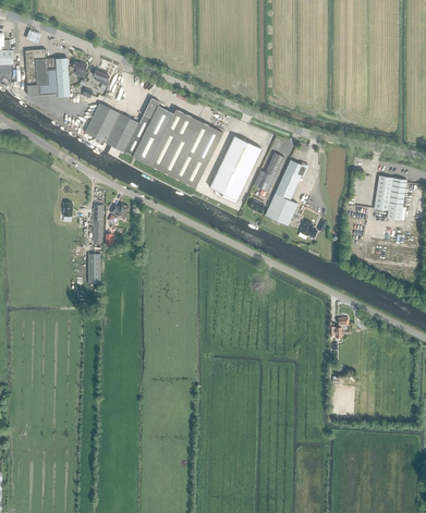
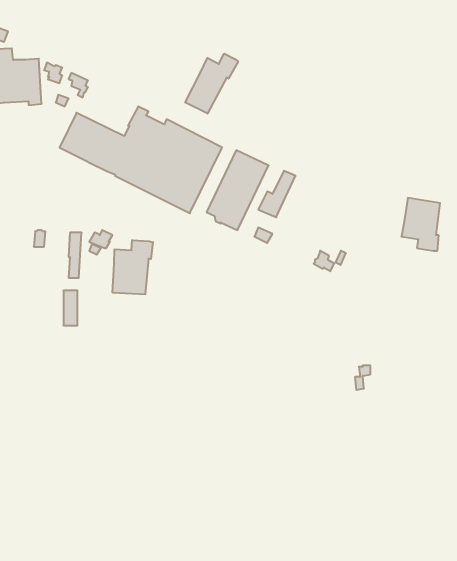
building: none -> [185,54,238,114]
building: [265,160,305,225] -> none
building: none -> [113,240,153,294]

